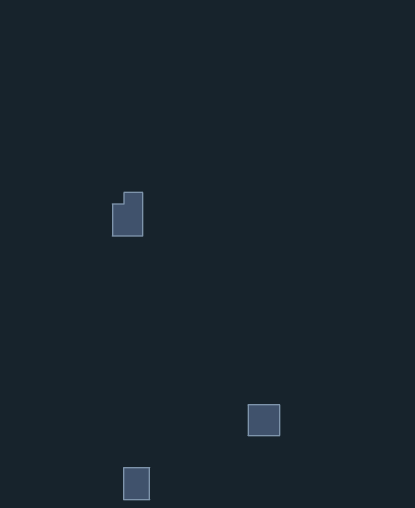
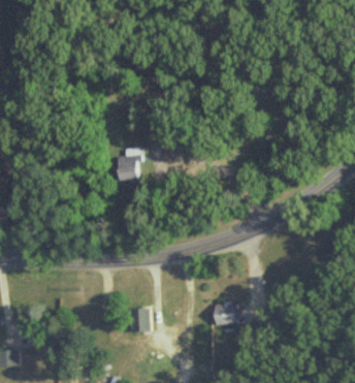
building: [124,468,150,500] -> [131,309,150,331]

